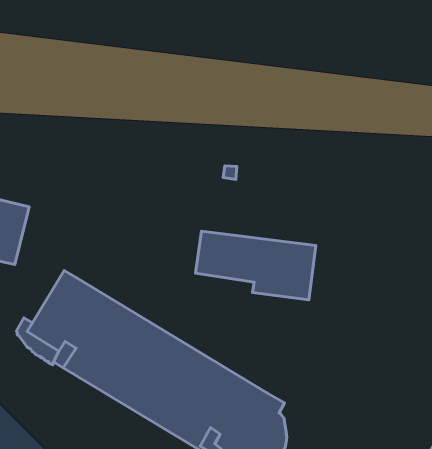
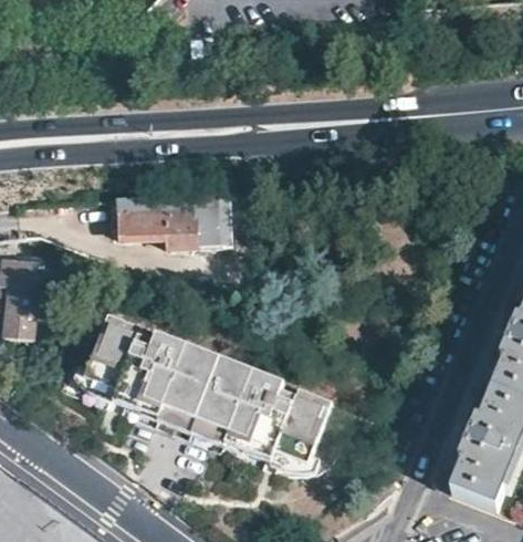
building: [196,231,316,300] -> [112,194,221,247]

